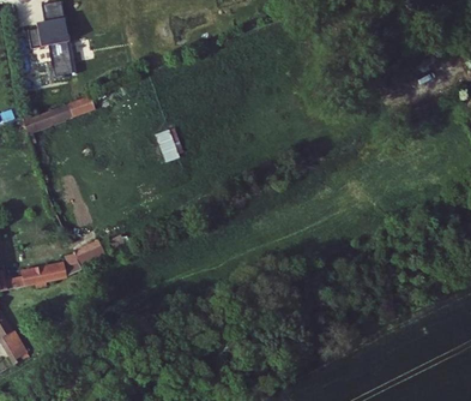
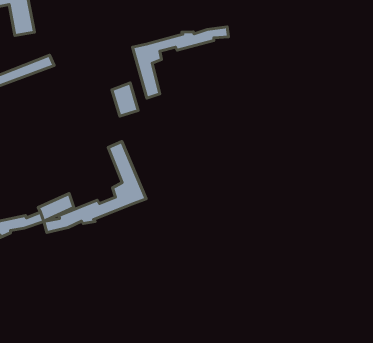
building: none -> [133,27,228,98]
building: none -> [44,141,146,233]

